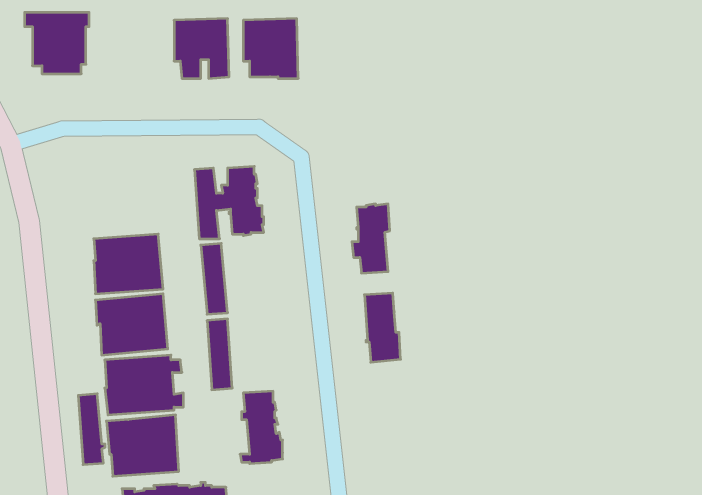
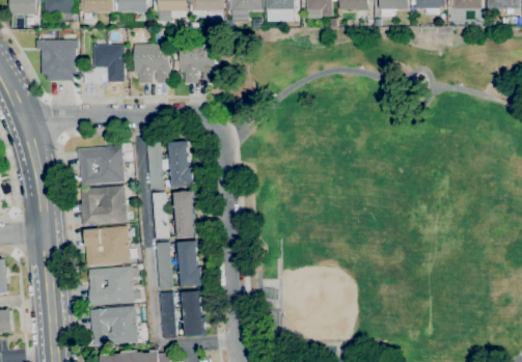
building: none -> [83,45,125,84]
building: none -> [77,145,125,185]
building: [352,204,390,273] -> [171,190,196,235]
building: [364,293,401,362] -> [177,241,201,286]
building: [78,394,105,465] -> [160,291,177,338]

